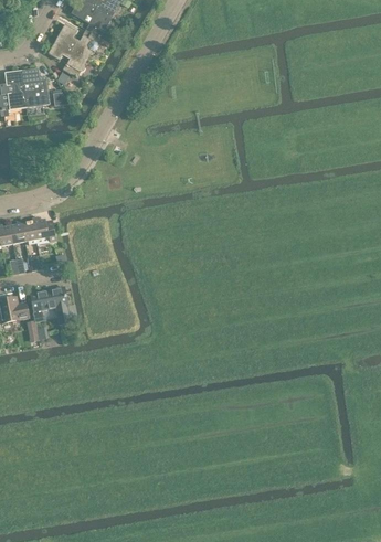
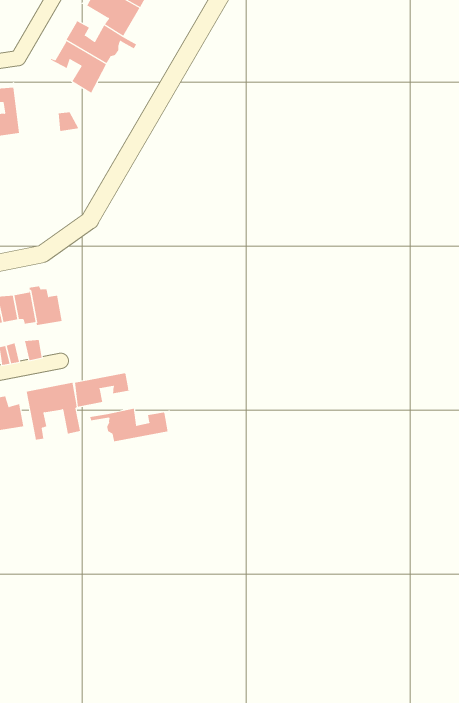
building: [21,67,50,106] -> none
building: none -> [75,372,134,407]
building: none -> [90,408,172,442]

